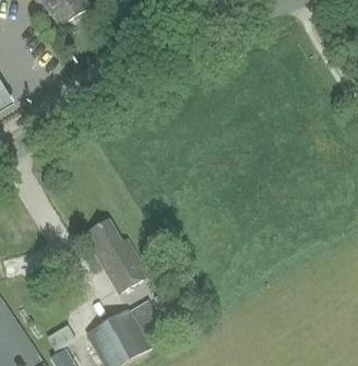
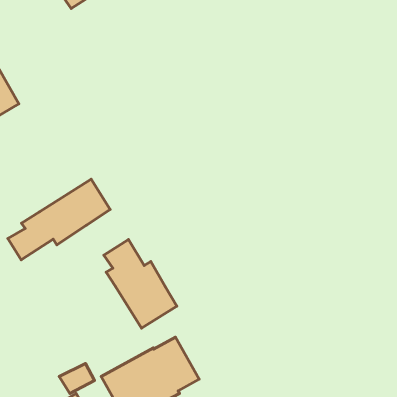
building: none -> [8,179,110,260]

